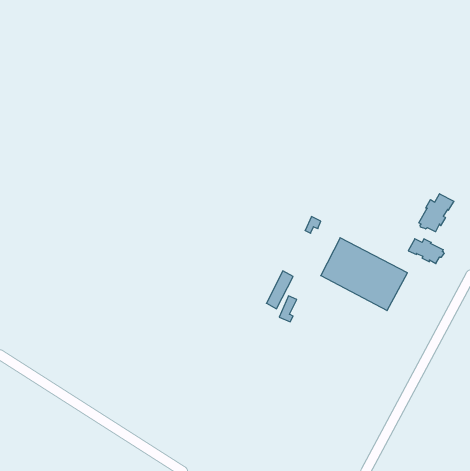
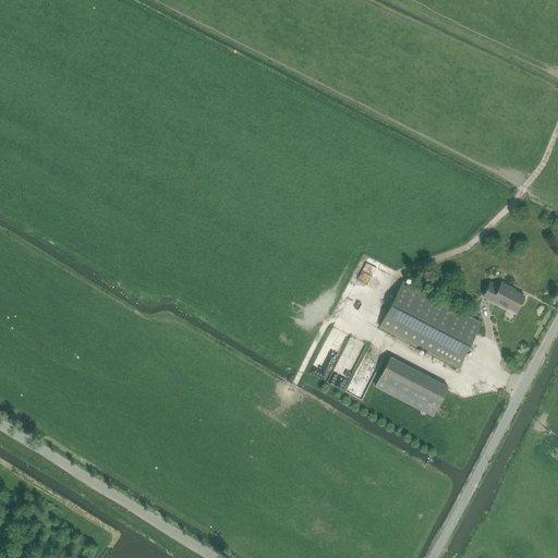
building: [419,194,454,232] -> none
building: none -> [376,356,449,416]

